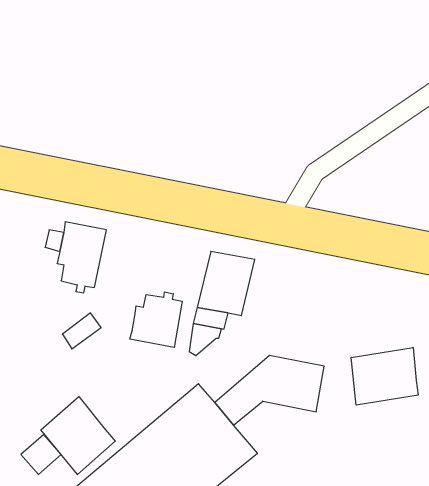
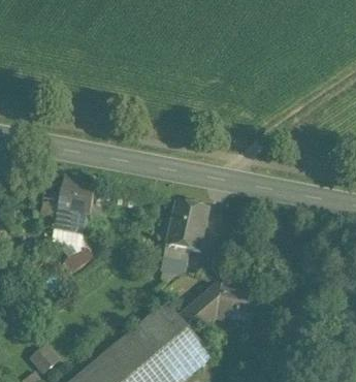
building: [130,292,182,347] -> none
building: [351,347,418,405] -> none
building: [41,397,115,475] -> none

